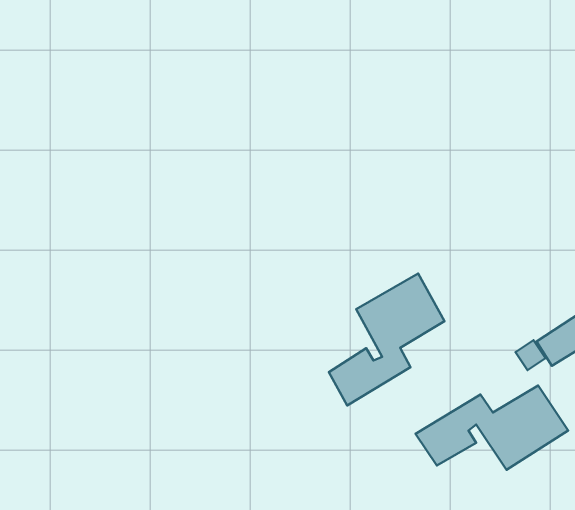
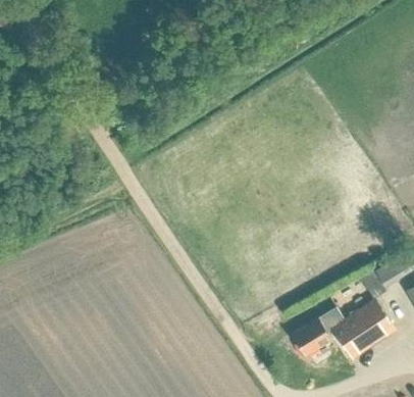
building: [329,273,444,405] -> none

